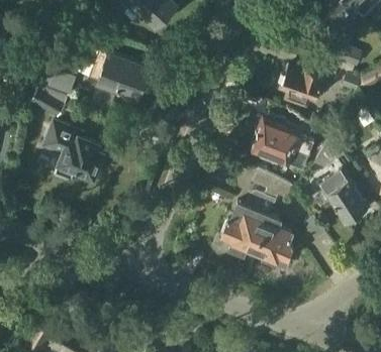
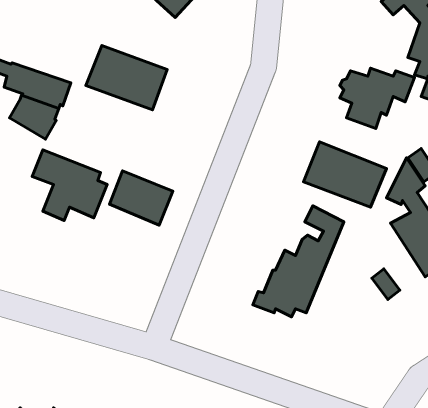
building: none -> [110,171,173,225]
building: [254,184,292,272] -> none

